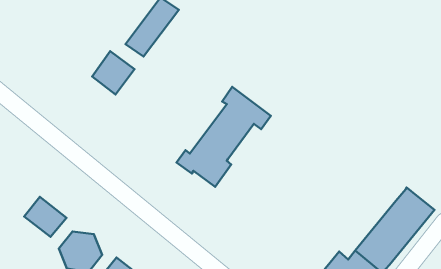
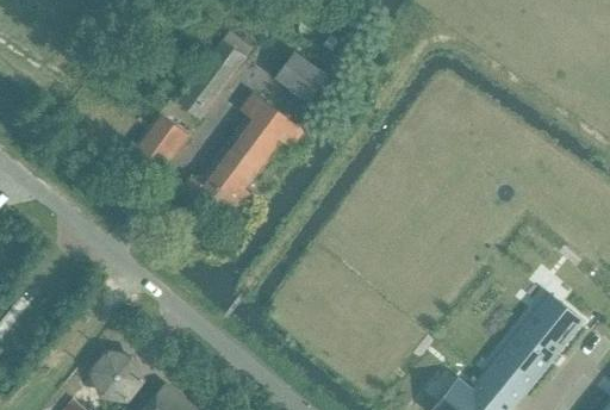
building: none -> [275,51,328,101]
building: [176,87,271,187] -> [180,92,305,224]
building: [24,197,66,237] -> none

